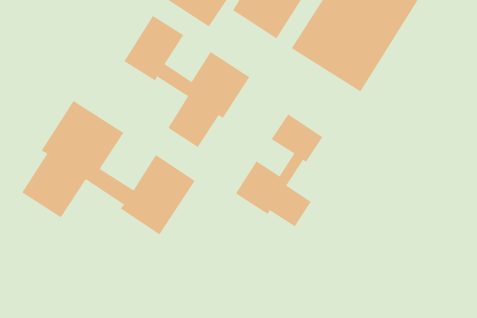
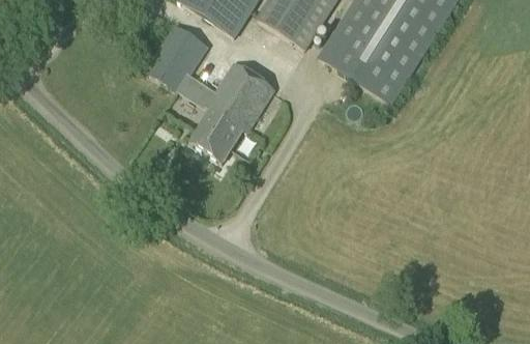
building: [22,100,196,235] -> none
building: [235,113,323,227] -> none

